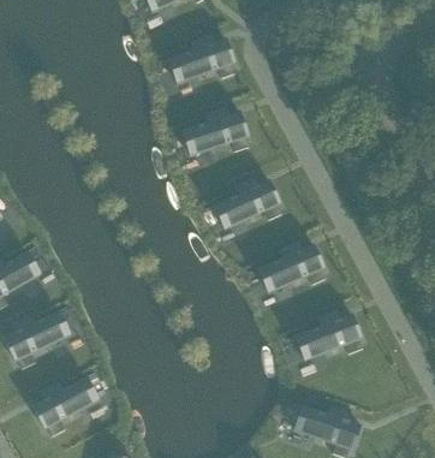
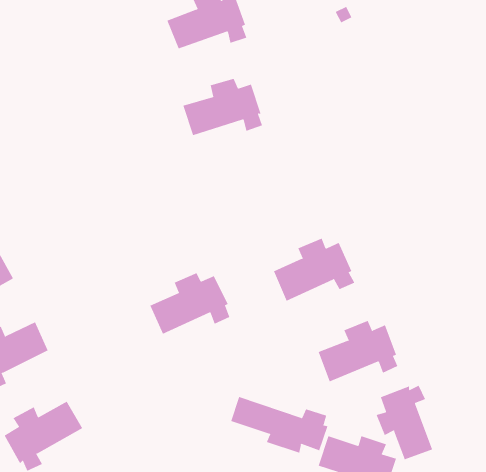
building: [213,178,280,230] -> [149,273,230,334]
building: none -> [376,385,433,460]
building: none -> [231,396,328,454]

